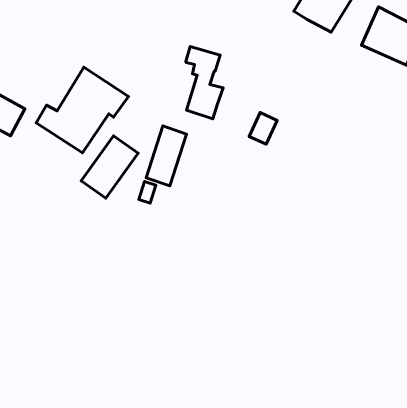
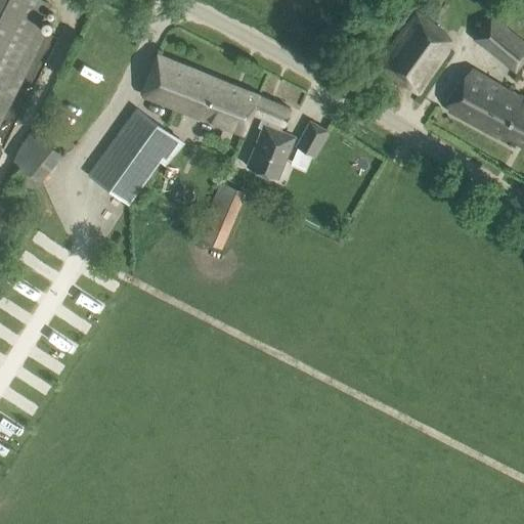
building: none -> [141,55,258,135]
building: [249,113,277,144] -> [296,122,329,158]
building: [81,136,138,198] -> none

